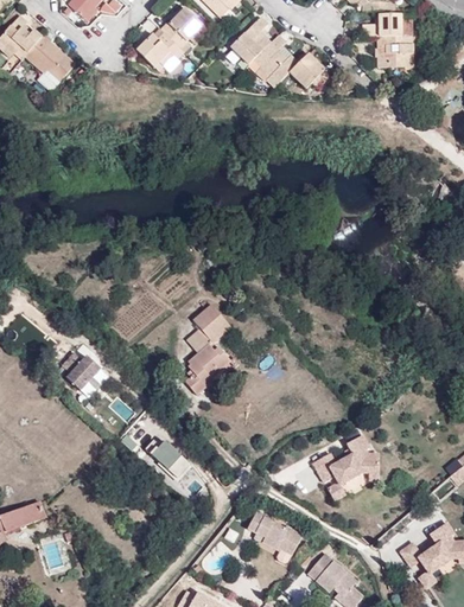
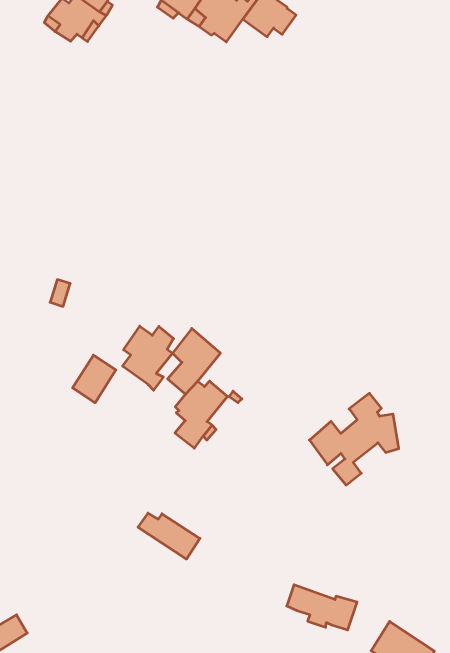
building: none -> [123,326,174,390]
building: [66,356,102,392] -> [73,355,116,403]
building: [311,435,379,503] -> [309,393,399,485]

